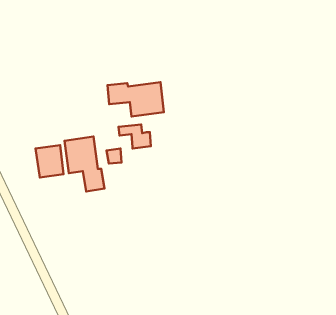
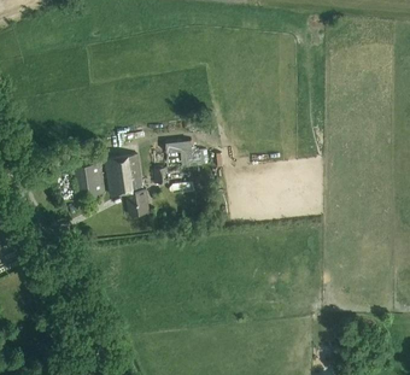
building: [107,82,164,116] -> none

